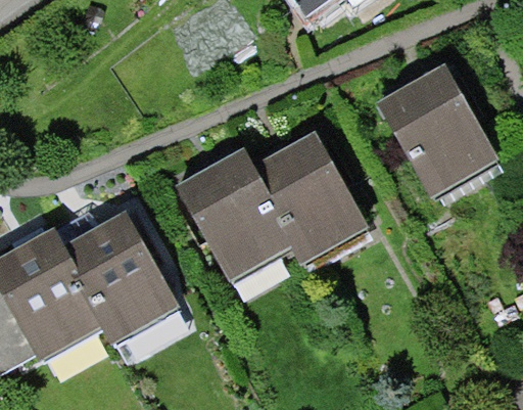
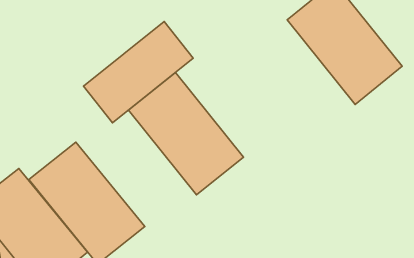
building: none -> [84,21,193,123]
building: [253,130,375,272] -> none

